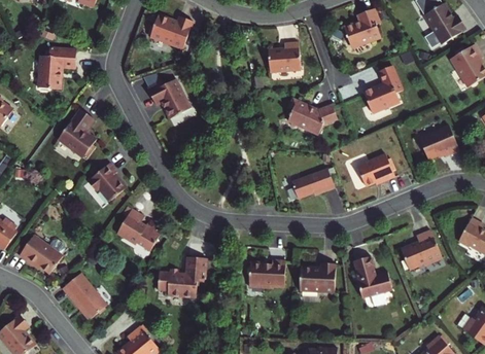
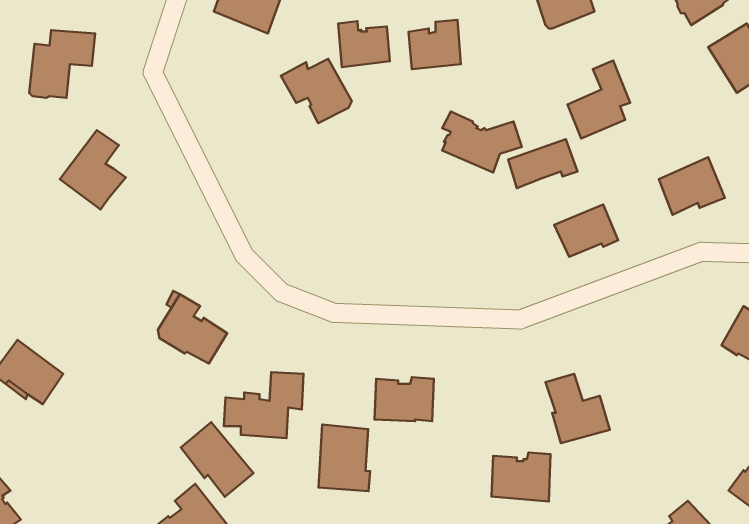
building: none -> [338,21,390,67]
building: [150,78,194,117] -> [281,59,352,123]
building: [88,164,125,202] -> none
building: [292,169,335,199] -> [508,139,578,188]
building: [401,229,443,269] -> none
building: [299,263,335,293] -> [491,453,551,502]
building: [63,271,107,316] -> [181,422,254,497]
building: none -> [318,424,370,491]

